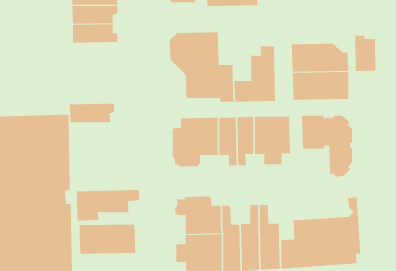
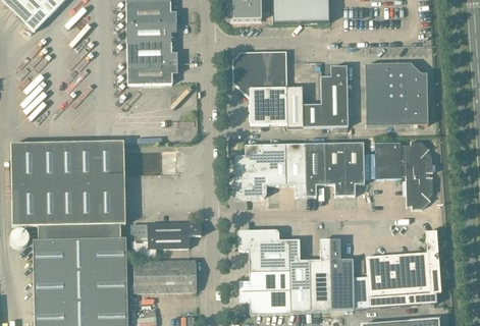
building: [355,35,376,72] -> none
building: [69,103,115,123] -> [127,62,177,84]

